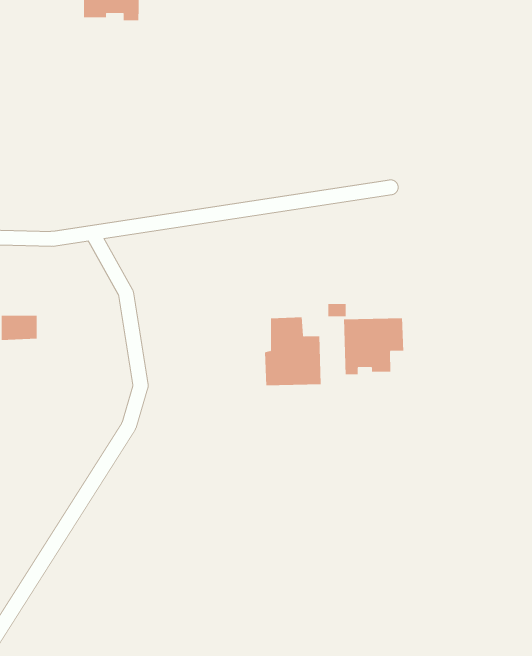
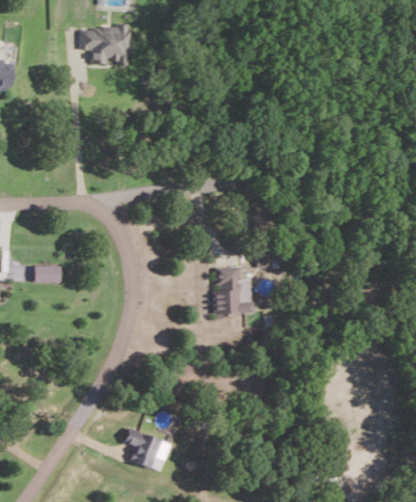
building: [343,318,404,375] -> none
building: none -> [124,428,170,472]

